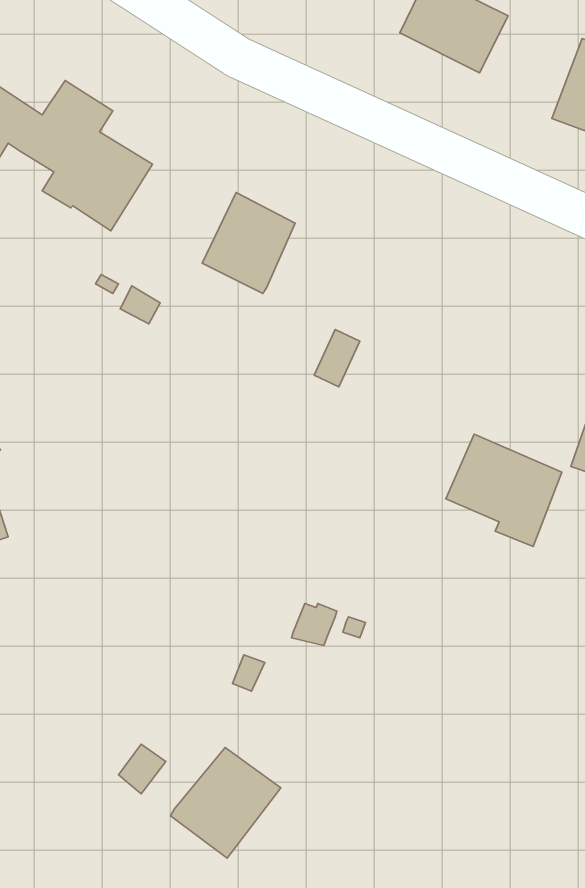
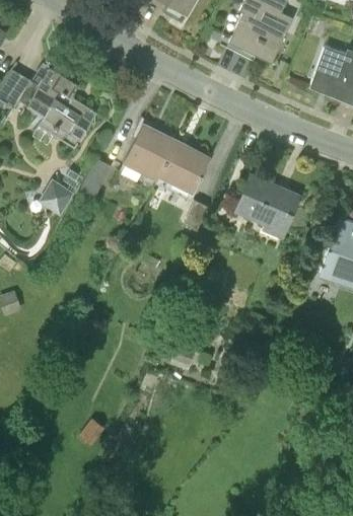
building: none -> [157,139,209,194]
building: none -> [42,175,76,209]
building: [446,434,562,546] -> [235,174,297,234]
building: [170,747,281,858] -> none

